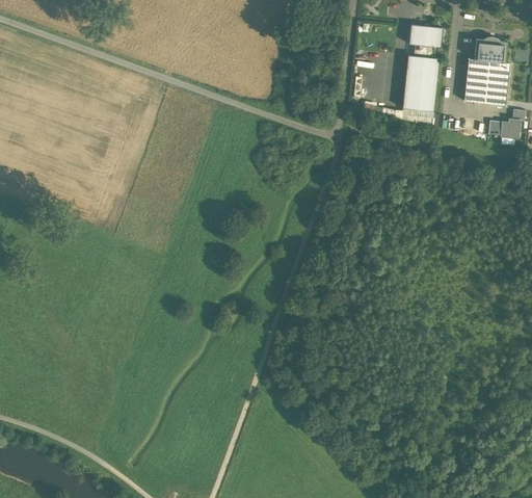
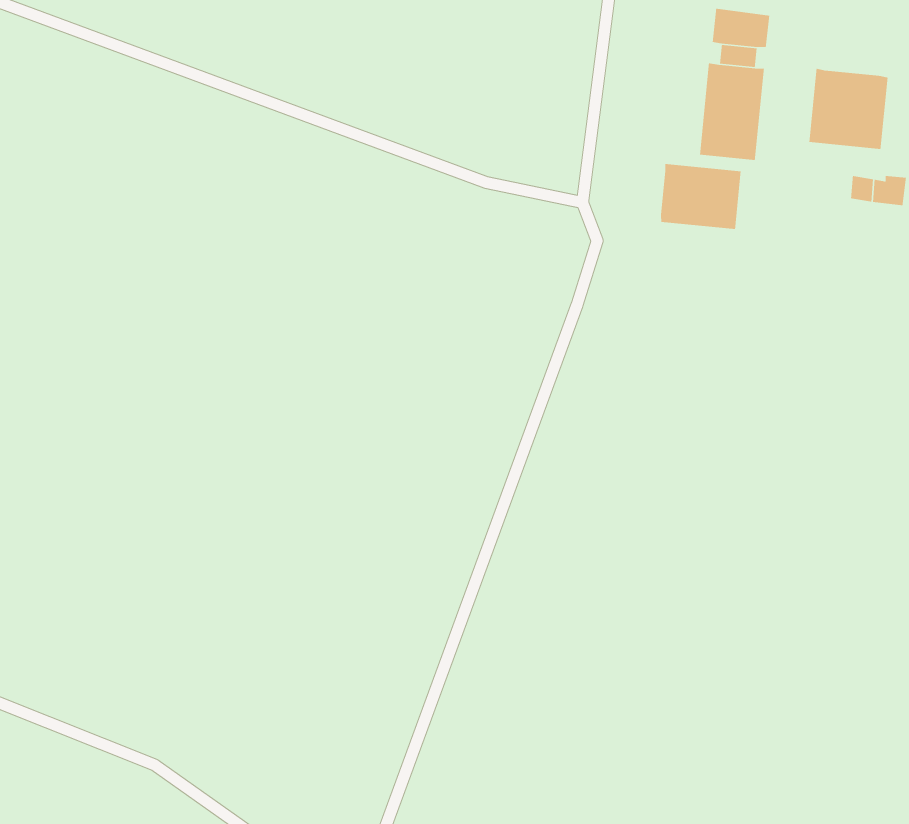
building: [473,36,506,62] -> none
building: none -> [660,163,741,230]

